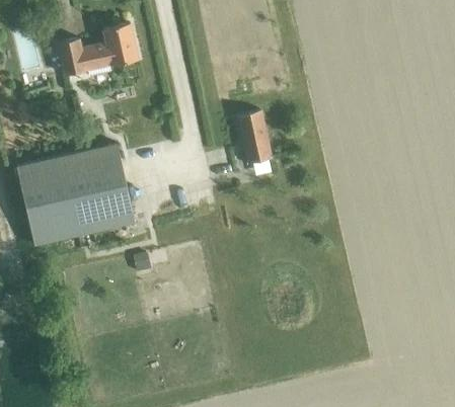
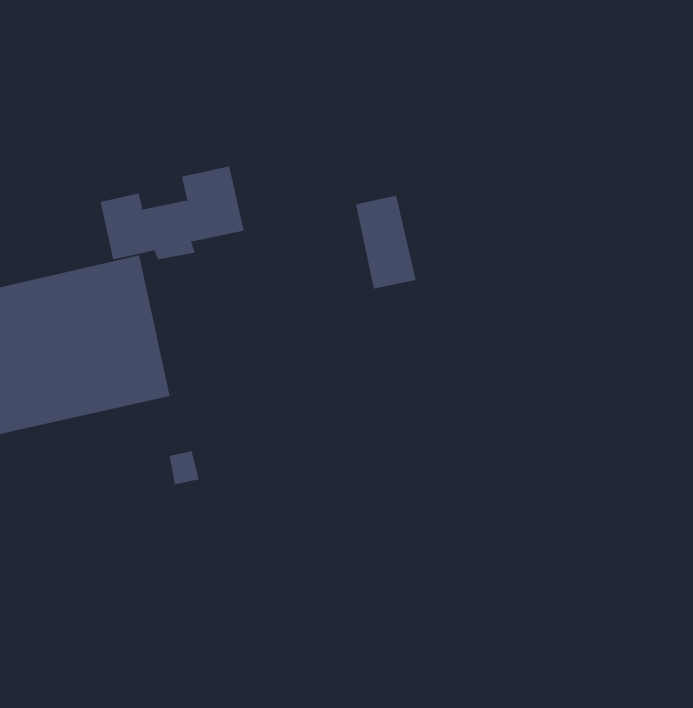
building: [58,23,139,76] -> [100,166,244,260]

